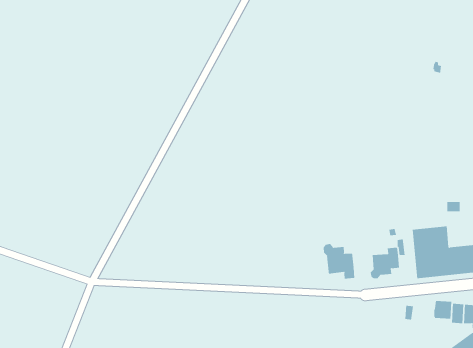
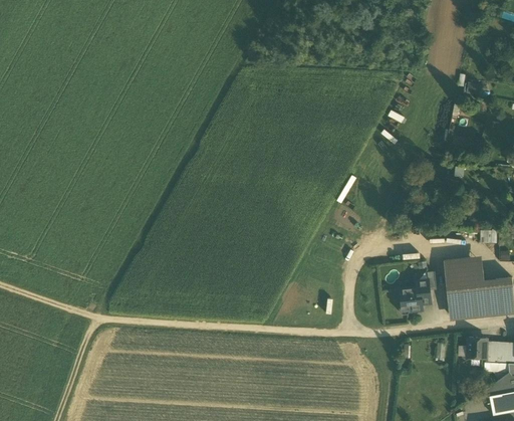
building: [323,243,355,280] -> none

